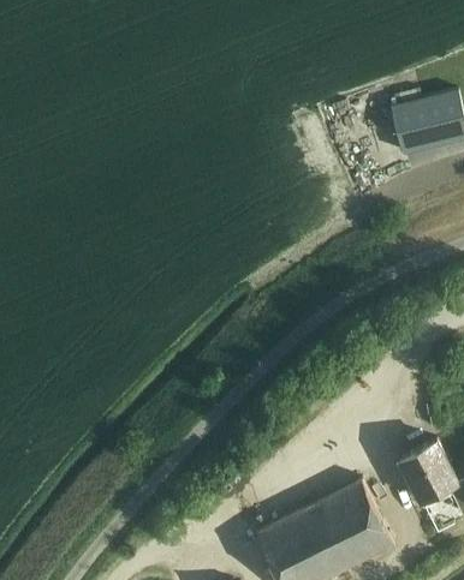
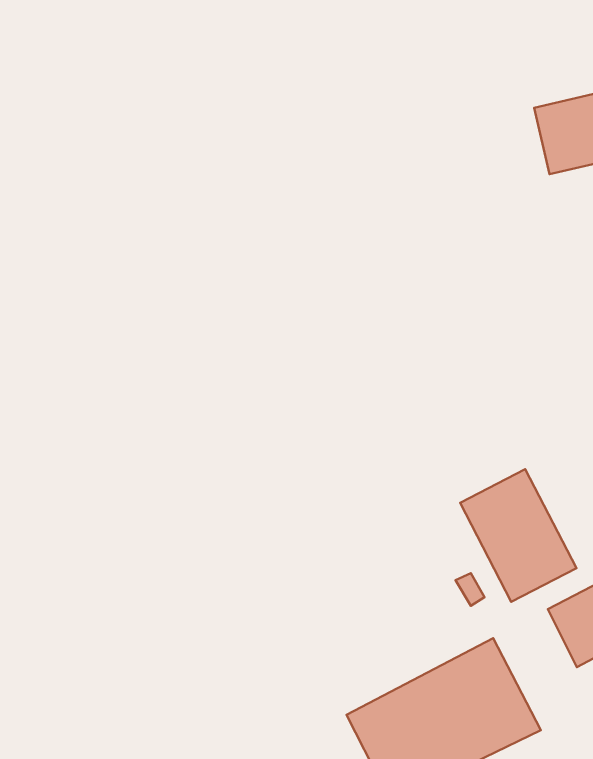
building: none -> [460,469,576,602]

